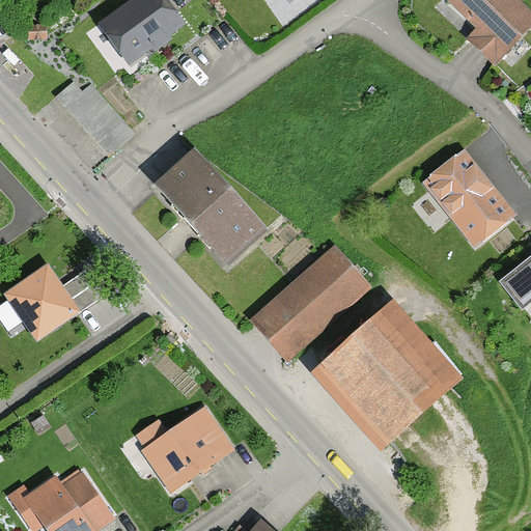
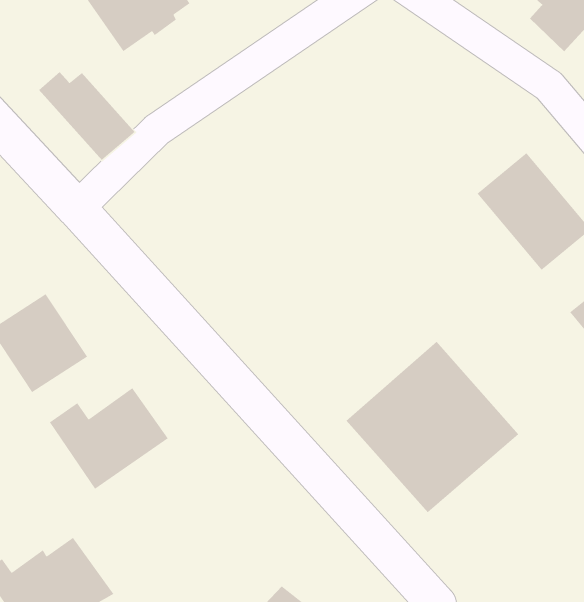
building: [153,152,266,271] -> none
building: [255,245,374,358] -> none
building: [133,403,232,488] -> [49,387,169,490]

